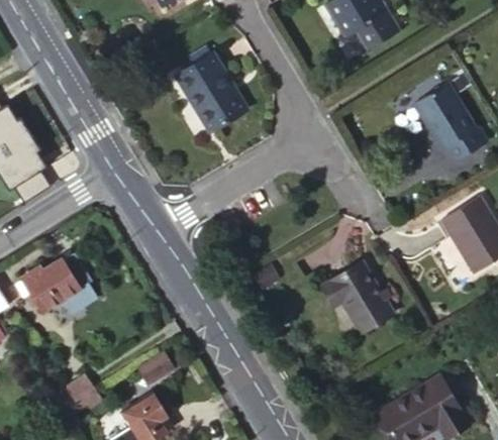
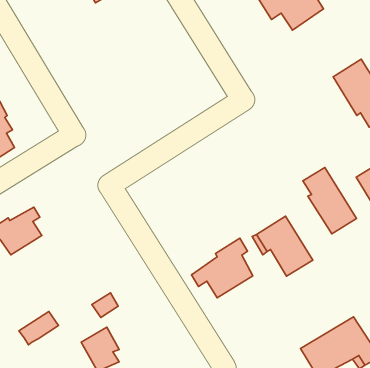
building: [175,54,245,131] -> none
building: none -> [303,167,356,234]
building: none -> [192,238,253,298]

